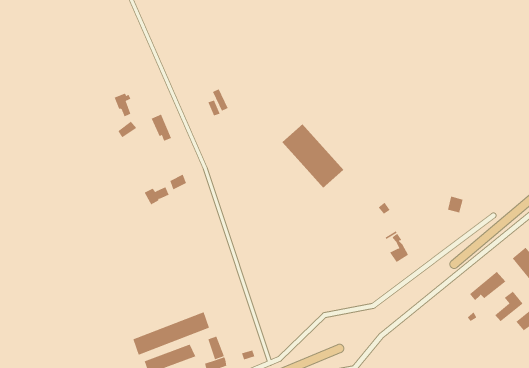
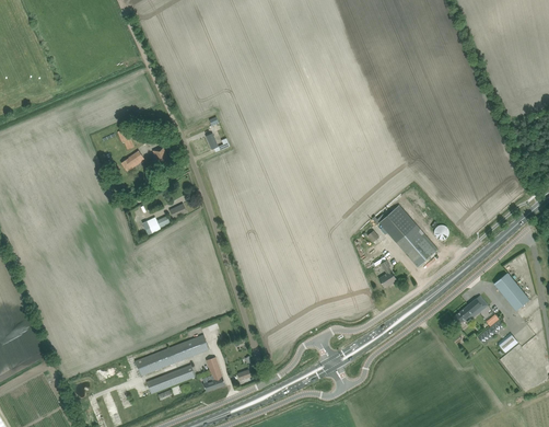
building: [282,124,344,188] -> [377,206,436,267]

